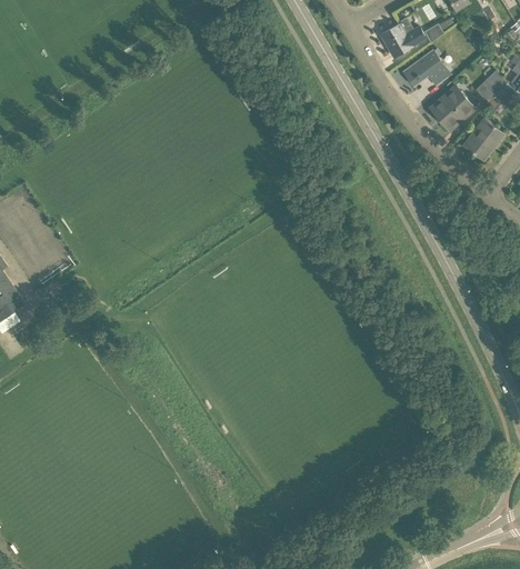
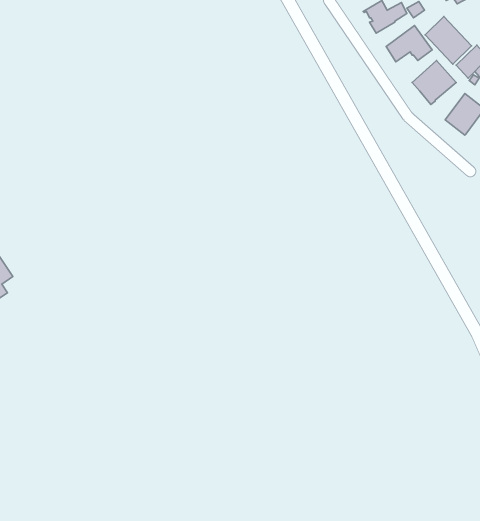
building: none -> [425,16,471,64]

